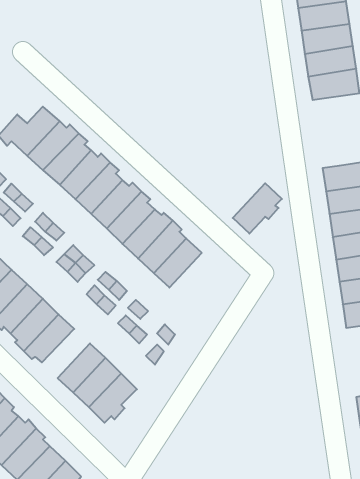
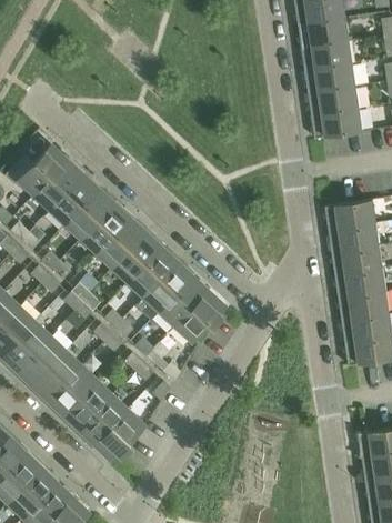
building: [233,183,282,234] -> [173,291,222,341]
building: none -> [47,366,94,415]

